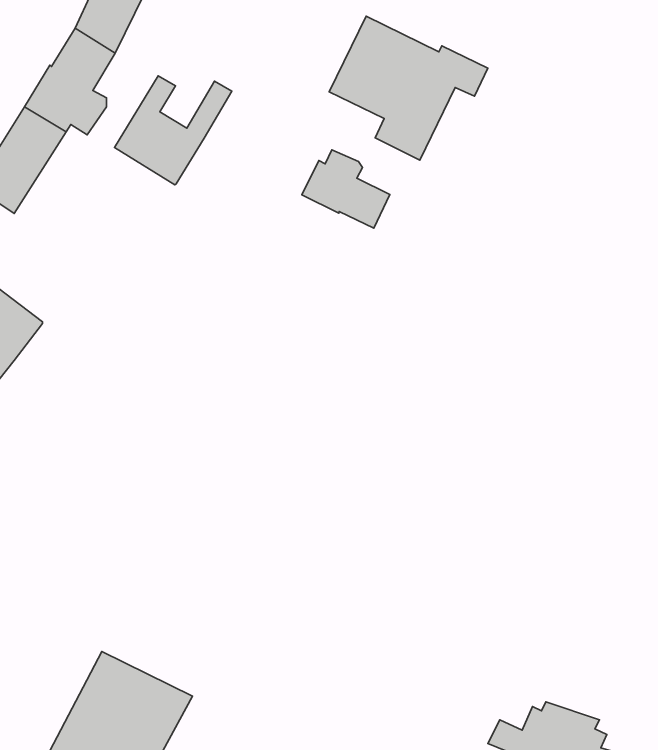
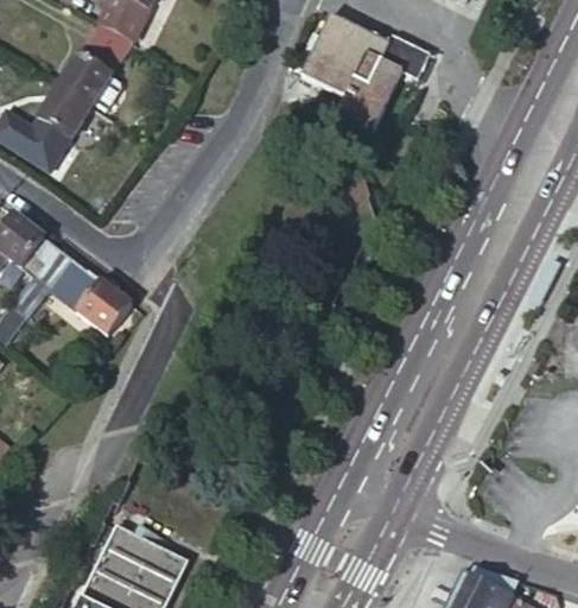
building: [115,76,232,185] -> none
building: [302,150,390,228] -> none
building: none -> [49,259,131,335]

